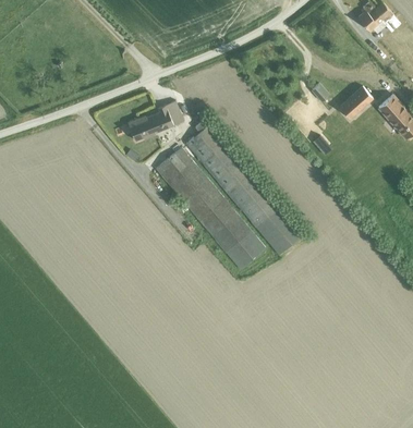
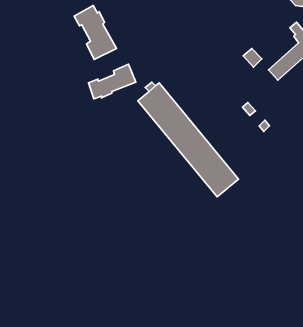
building: none -> [74,6,116,60]
building: [155,147,265,269] -> none

